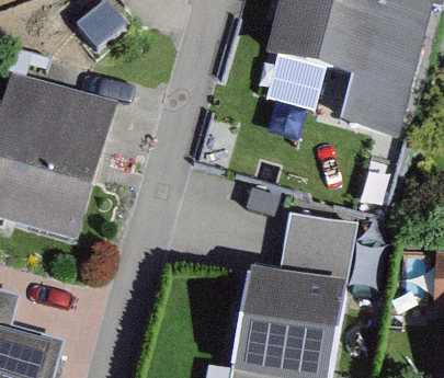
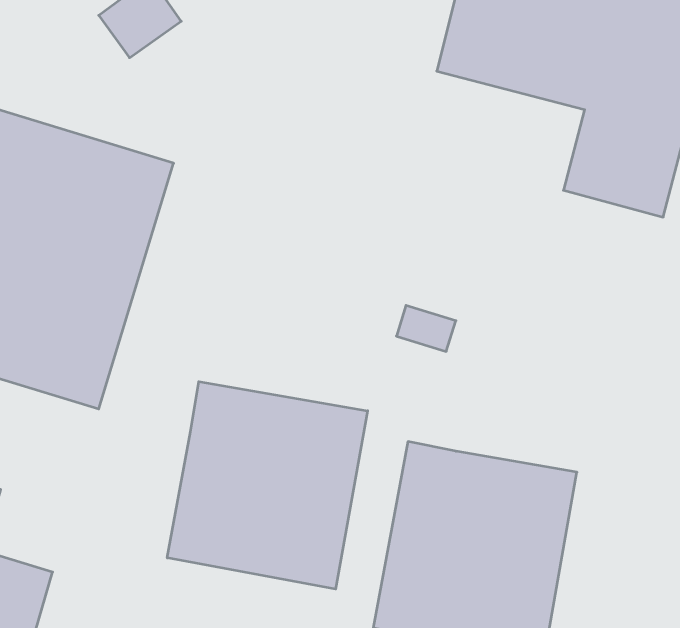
building: [278,211,357,280] -> none
building: none -> [167,382,368,589]

